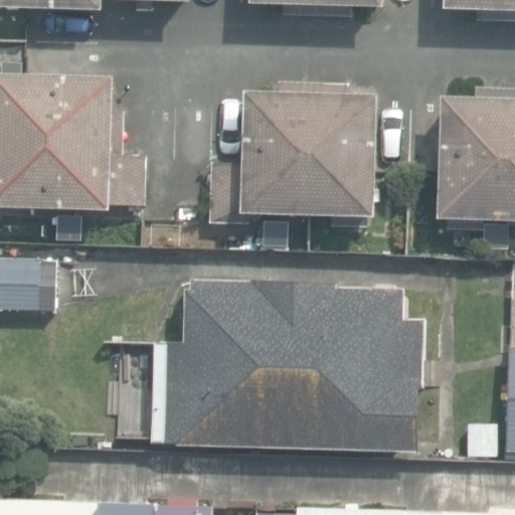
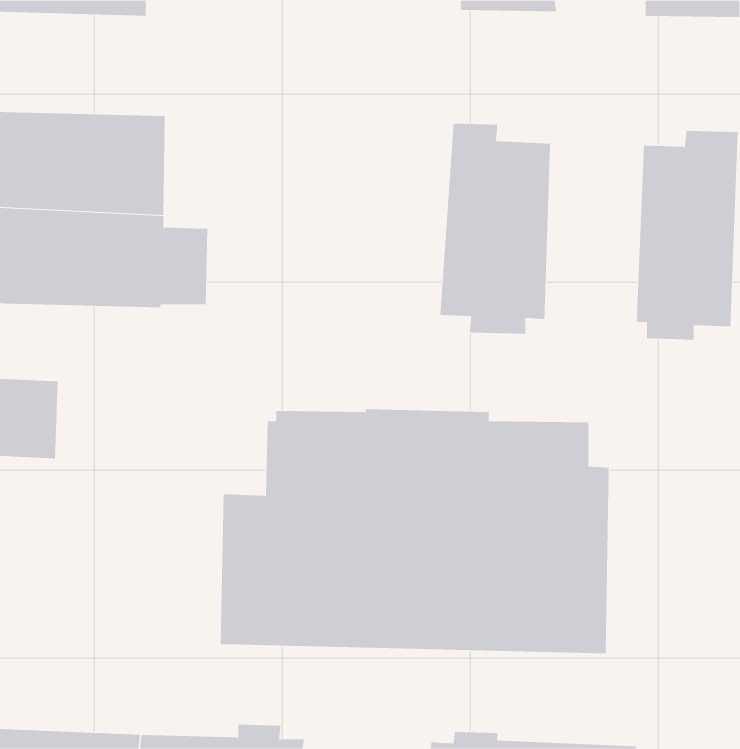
building: [207,83,311,225] -> none

